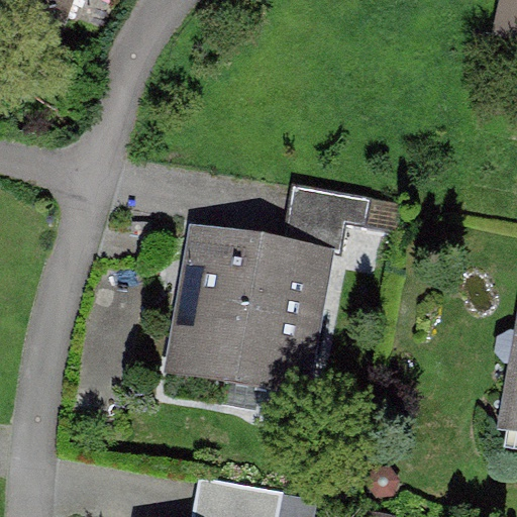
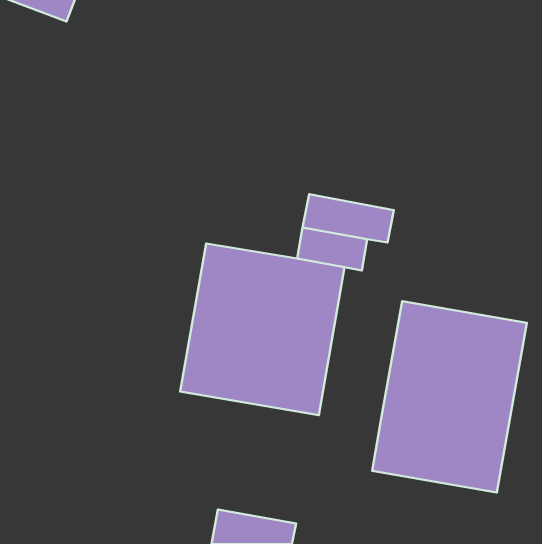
building: none -> [372,301,527,492]

